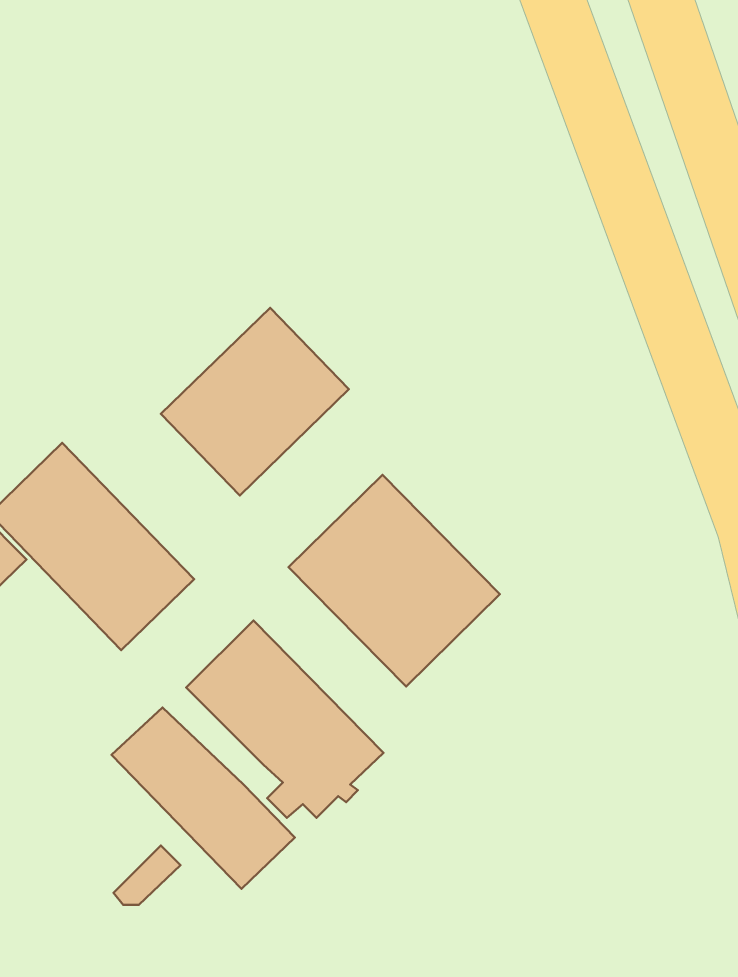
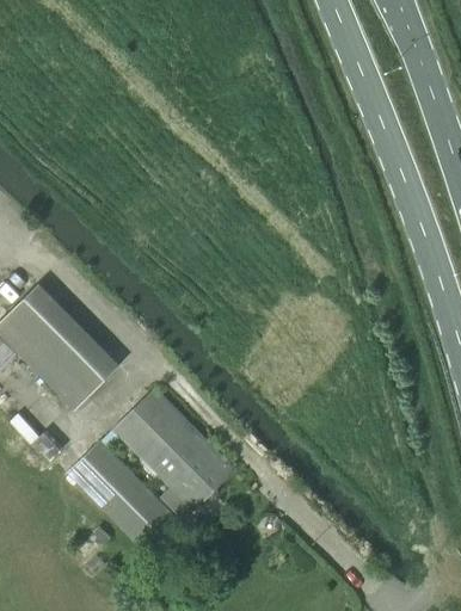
building: [161,308,349,495] -> none
building: [289,475,500,687] -> none

